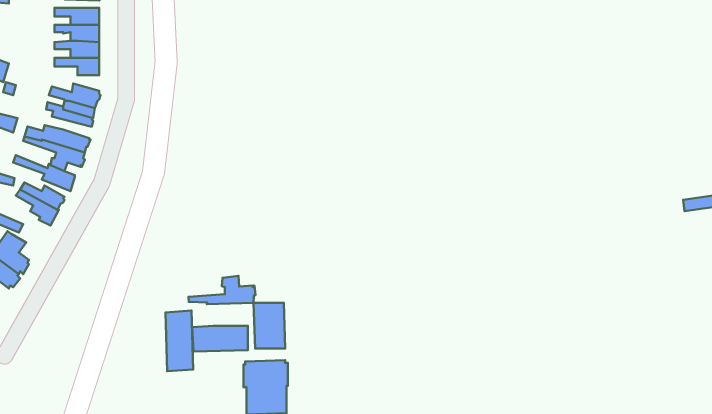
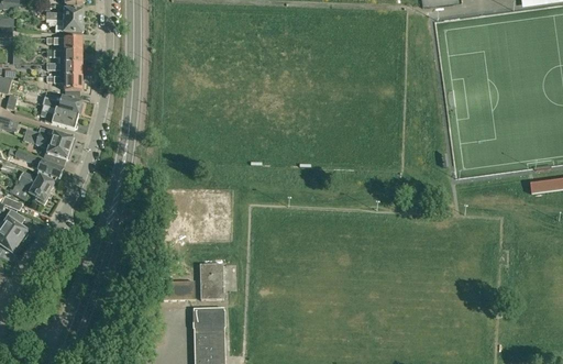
building: [188,276,256,304] -> none
building: [165,311,193,371] -> none

